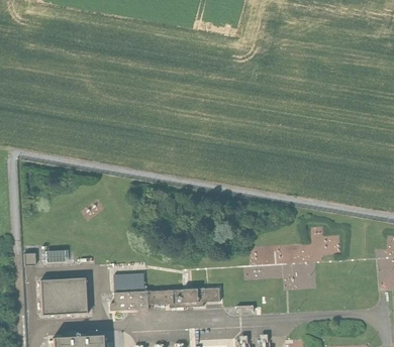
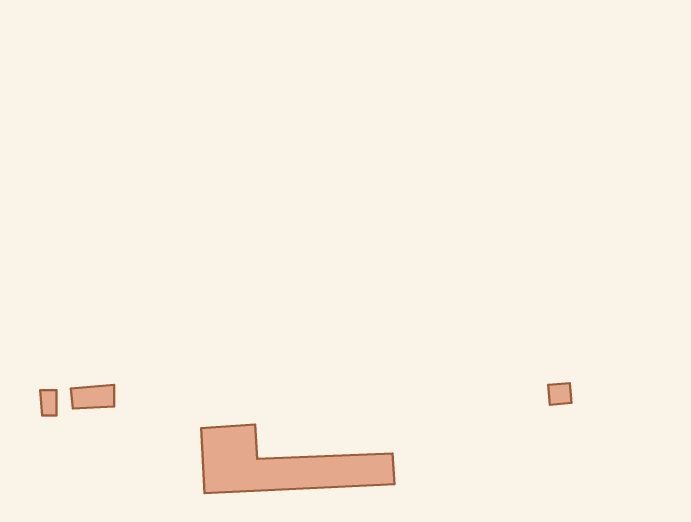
building: [38,276,86,315] -> none

